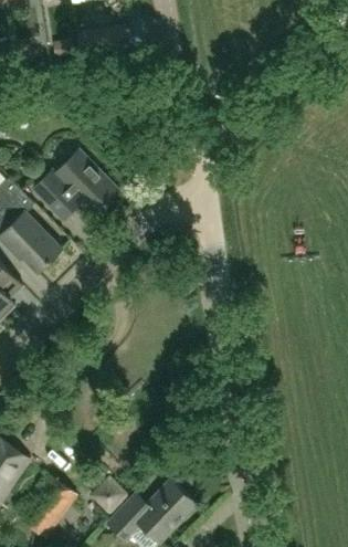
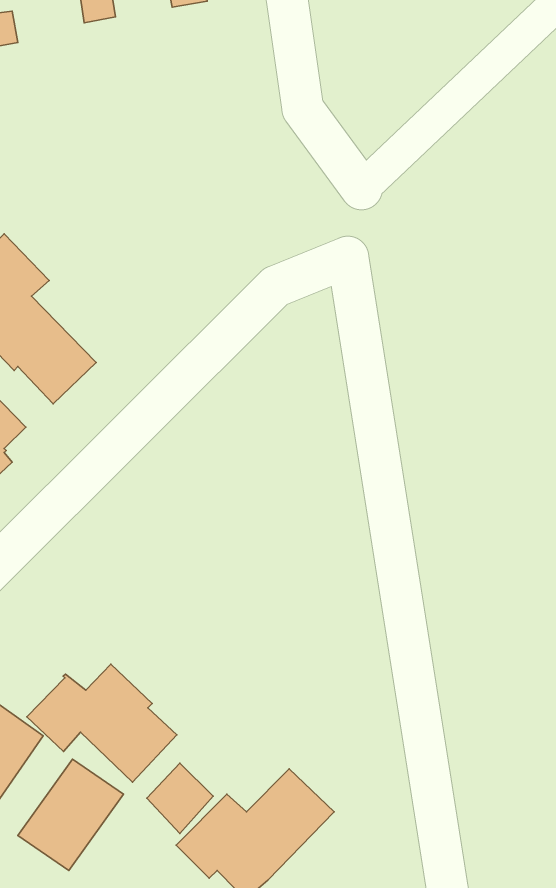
building: [33,149,119,218] -> none
building: none -> [27,664,177,782]

